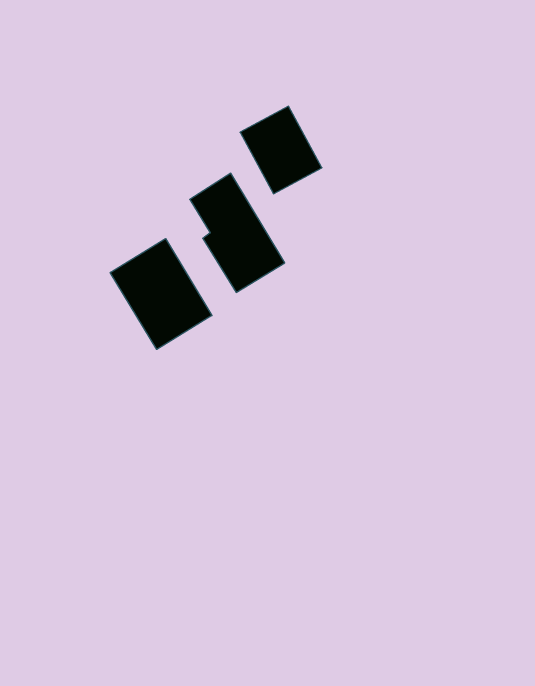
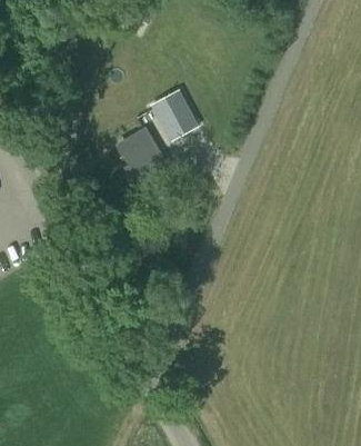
building: [110,239,212,349] -> none

